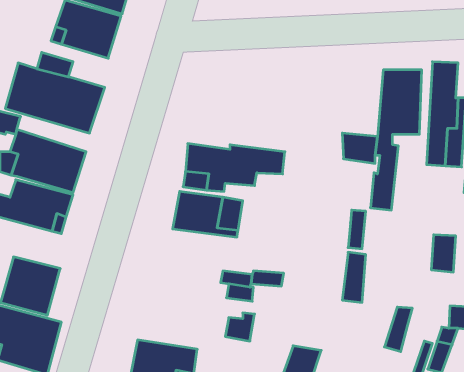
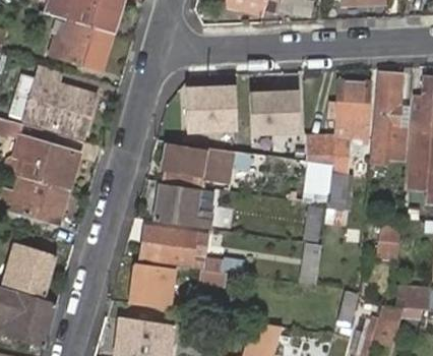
building: none -> [182,84,231,128]
building: none -> [247,91,294,132]
building: none -> [305,160,330,201]
building: none -> [129,223,194,261]
building: none -> [128,264,175,306]

